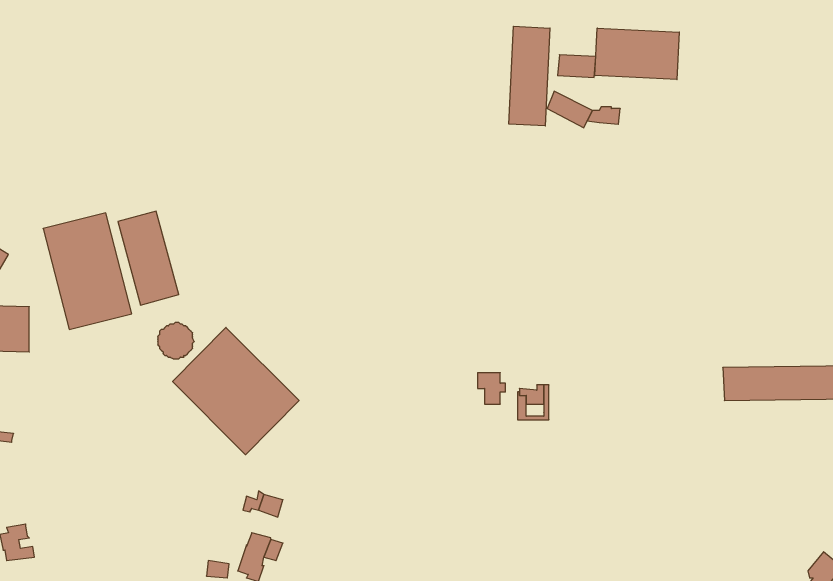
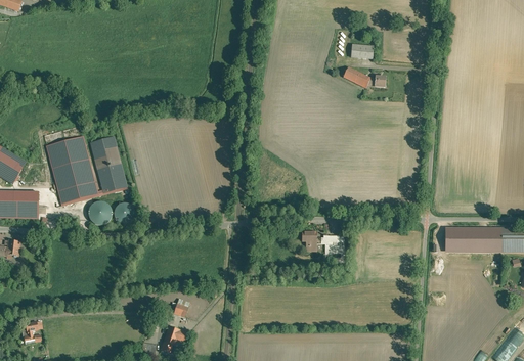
building: [509,26,550,126] -> none
building: [595,28,679,80] -> none
building: none -> [87,200,113,226]
building: [173,327,299,455] -> none

